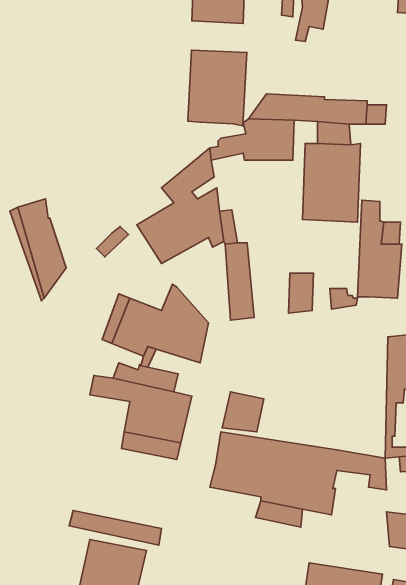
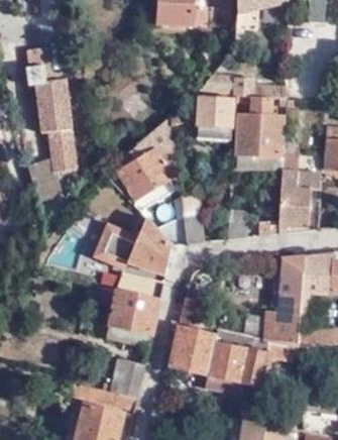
building: none -> [24,44,75,169]
building: [188,50,247,126] -> none
building: none -> [263,255,301,344]
building: none -> [110,358,143,396]

